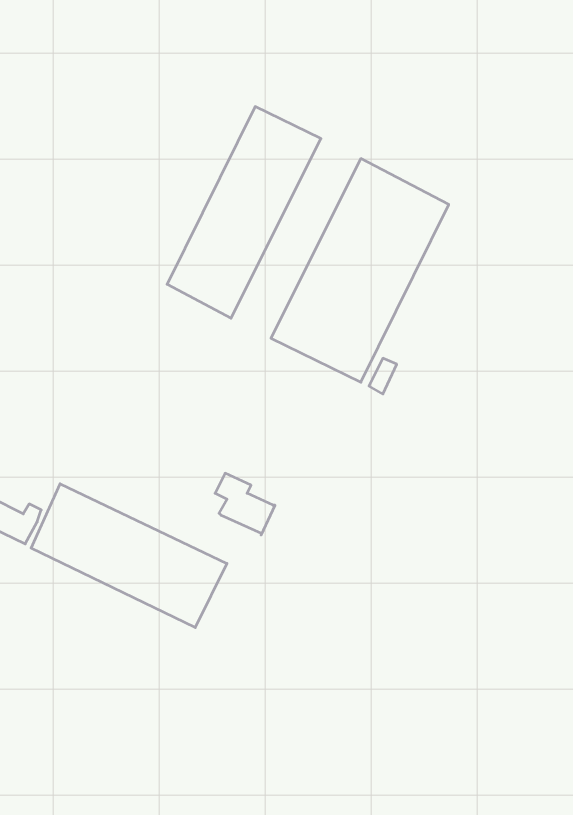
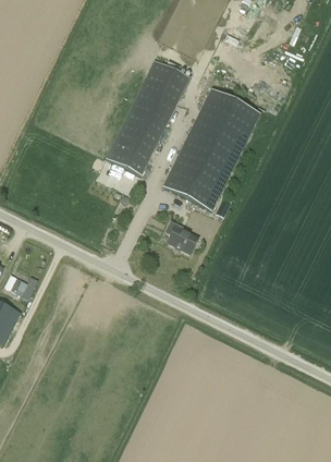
building: [215,473,275,535] -> [166,218,198,252]
building: [31,484,227,628] -> none

